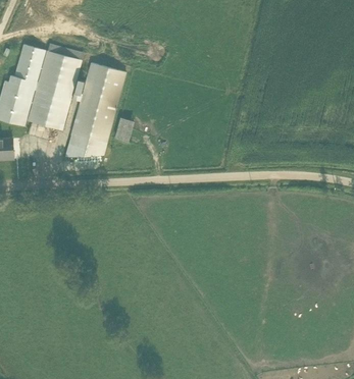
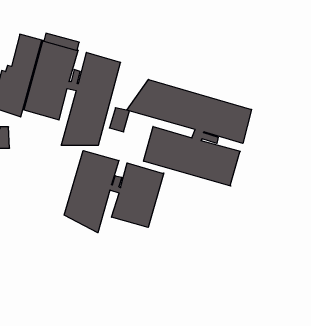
building: none -> [127,79,252,186]
building: none -> [64,151,164,233]

